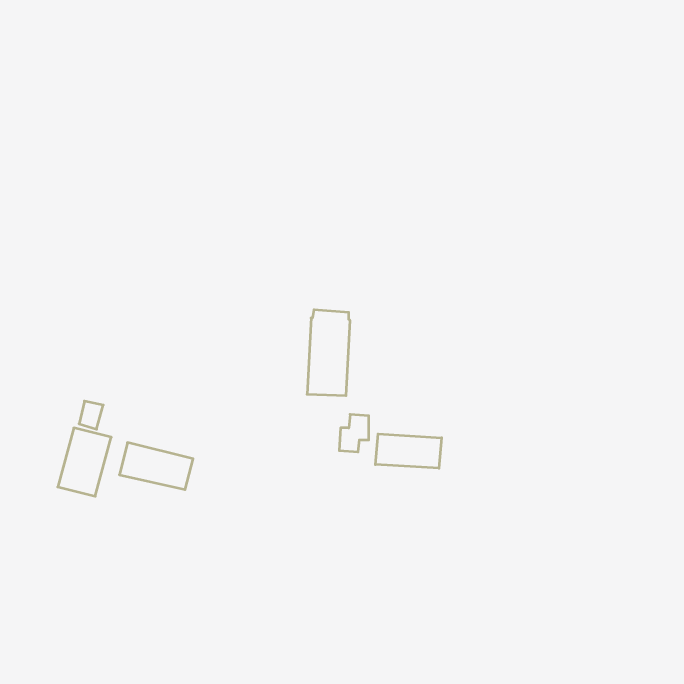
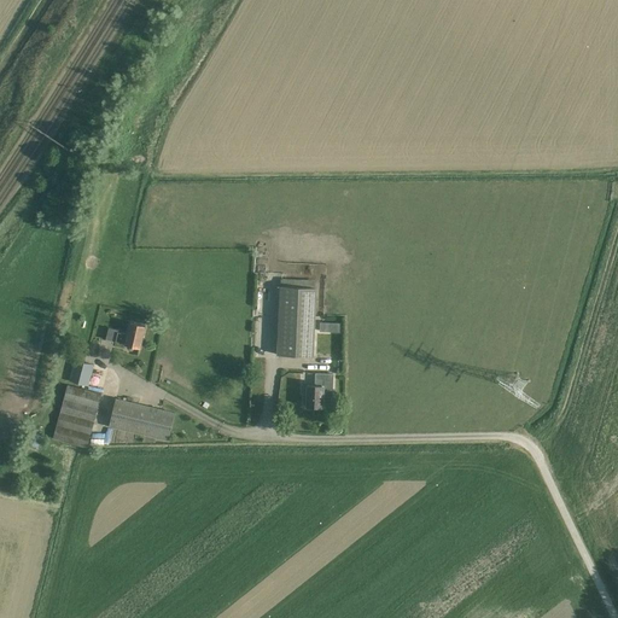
building: none -> [106,323,145,349]
building: [375,434,442,468] -> none

